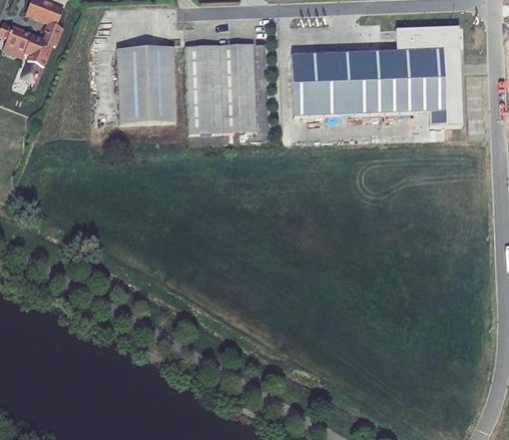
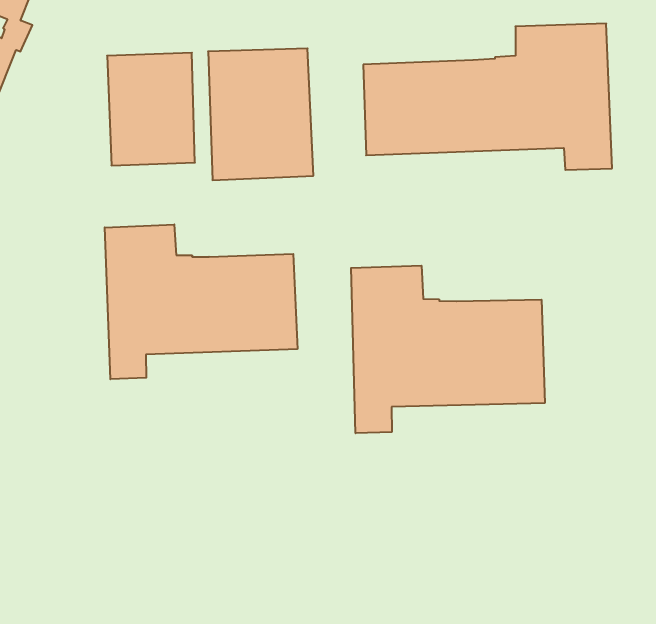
building: none -> [105,224,297,379]
building: none -> [351,266,545,433]

